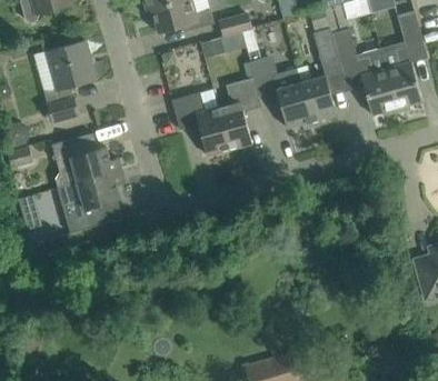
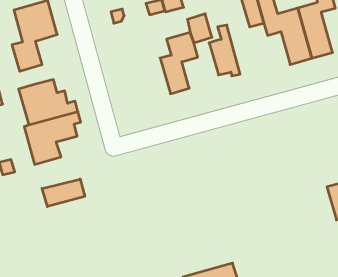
building: [297,64,336,126] -> none
building: [171,91,230,156] -> none
building: none -> [42,179,85,207]

